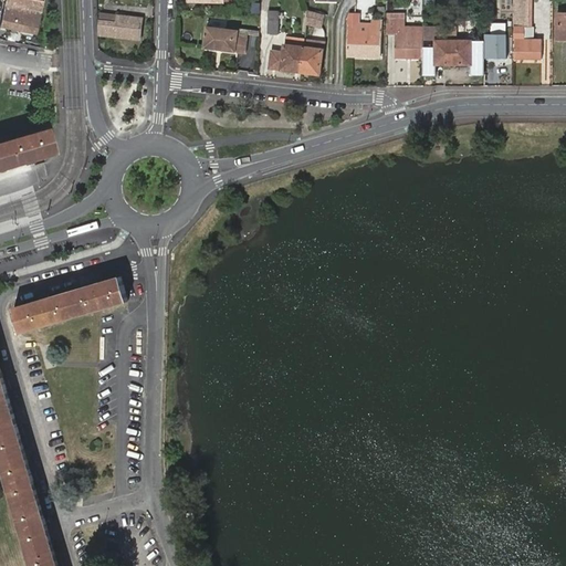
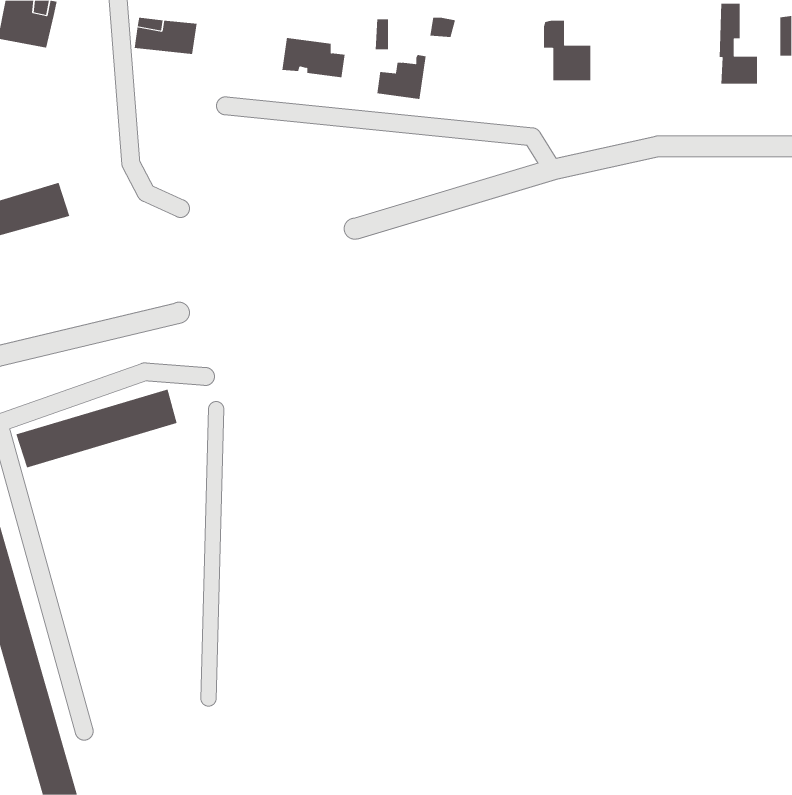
building: [345,15,379,56] -> none
building: [420,30,469,64] -> none
building: [481,33,504,57] -> none
building: [298,40,319,73] -> none

